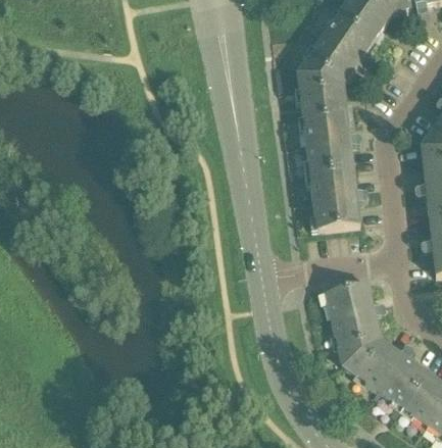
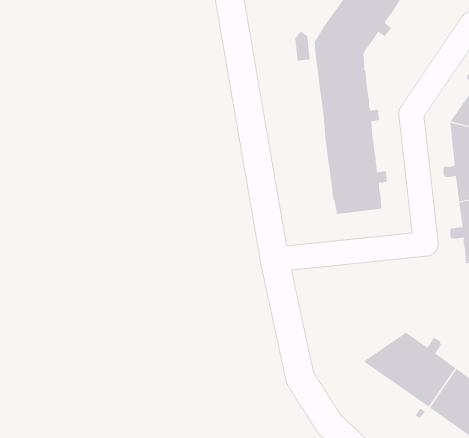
building: [324,281,386,363] -> none

